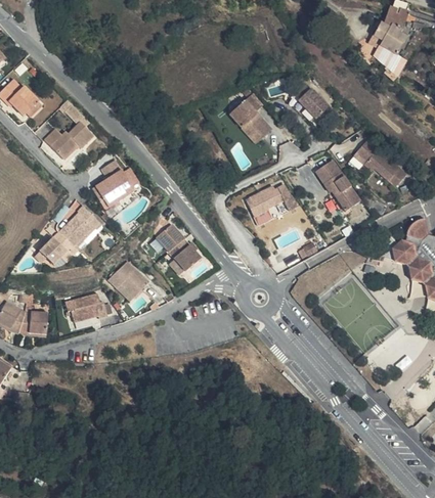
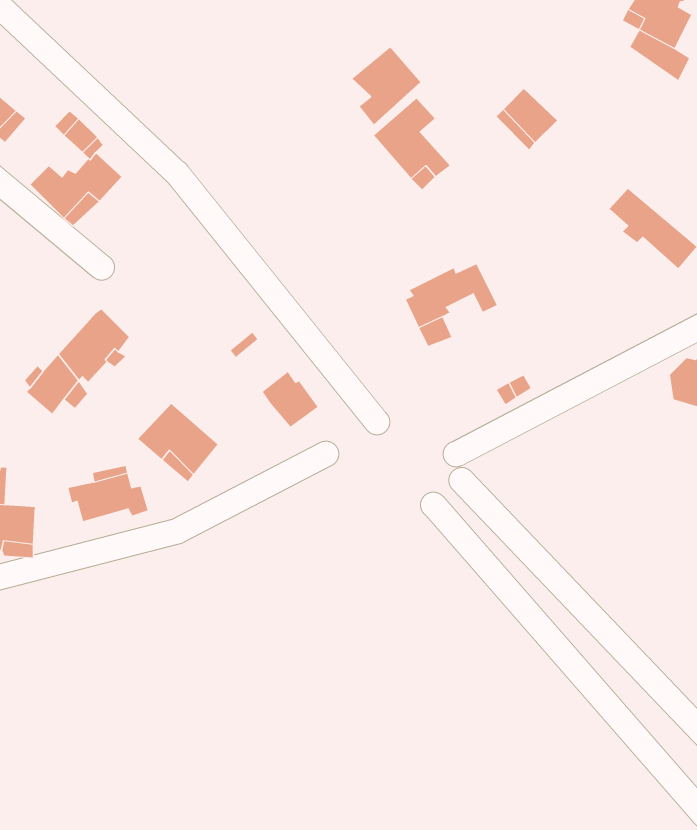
building: none -> [352,47,421,125]
building: [91,161,134,210] -> none
building: [312,161,355,209] -> none
building: [156,225,184,254] -> none

